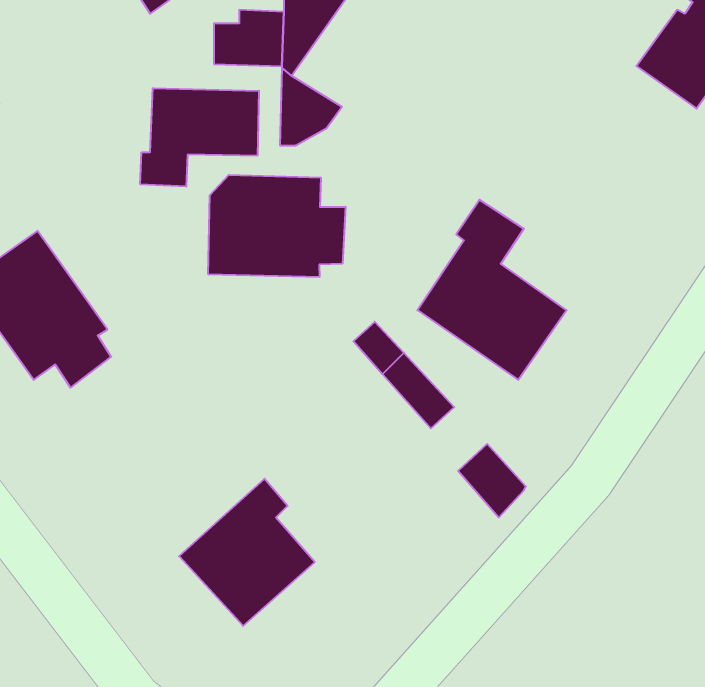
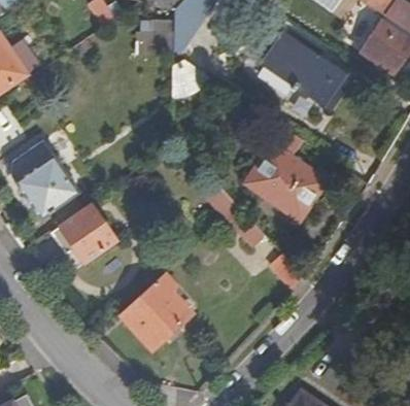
building: none -> [264,33,347,105]
building: [140,88,259,187] -> none
building: [208,175,346,277] -> none
building: none -> [61,206,115,262]

